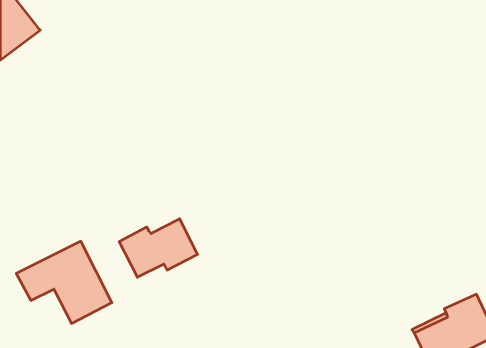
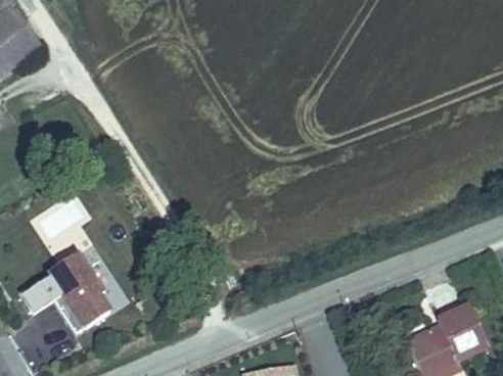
building: [119,219,198,277] -> none

